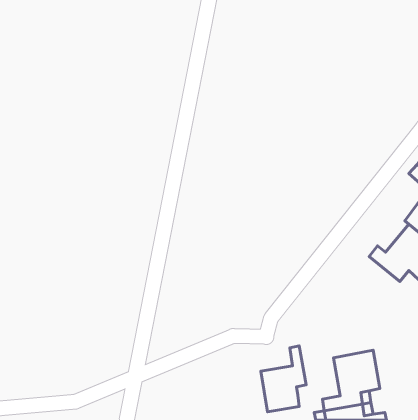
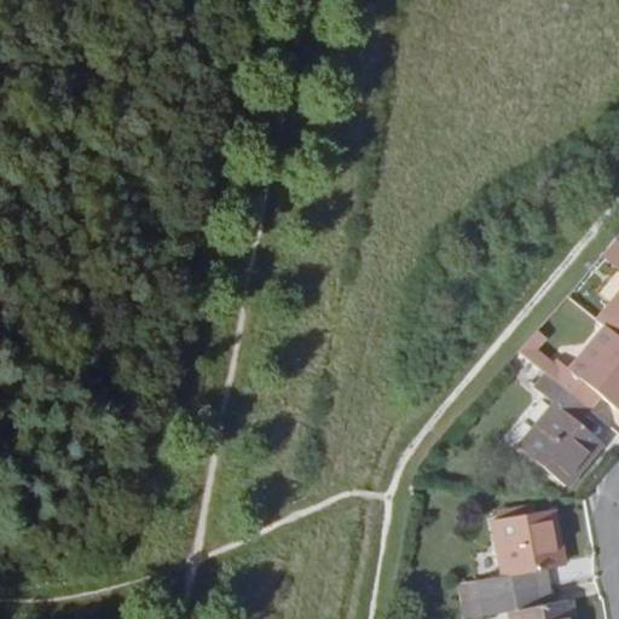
building: none -> [521,374,602,485]
building: [261,346,306,412] -> none

